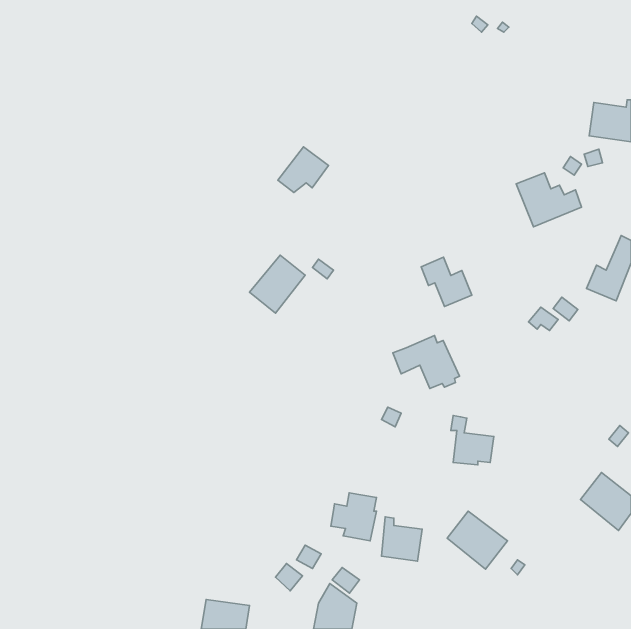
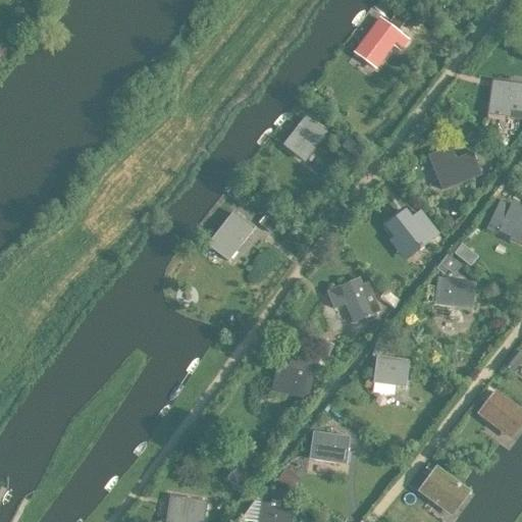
building: none -> [363,17,406,65]
building: [278,147,328,193] -> [283,117,325,155]
building: [421,257,472,306] -> [393,211,434,252]
building: none -> [434,276,473,308]
building: [331,493,376,541] -> [274,357,312,397]
building: [447,511,508,569] -> [419,468,469,516]

